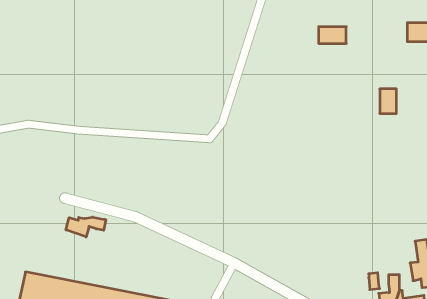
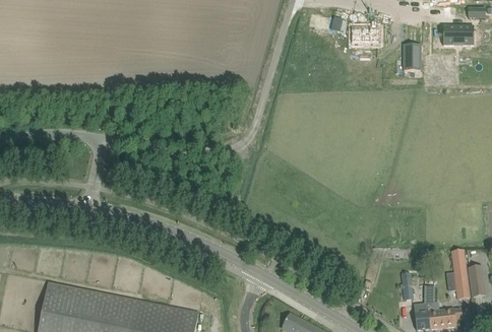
building: [380,89,396,113] -> [404,45,421,70]
building: [66,217,106,237] -> none

